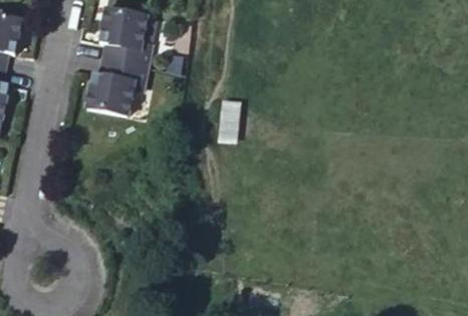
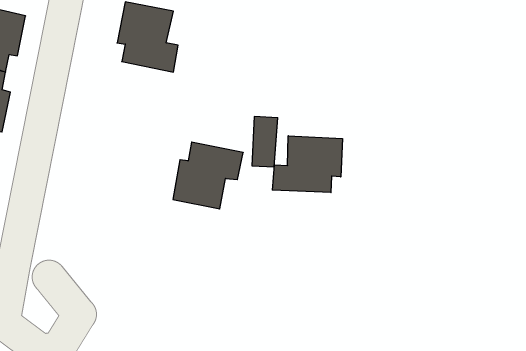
building: [88,57,149,114] -> [173,142,243,209]
building: none -> [272,136,342,193]

